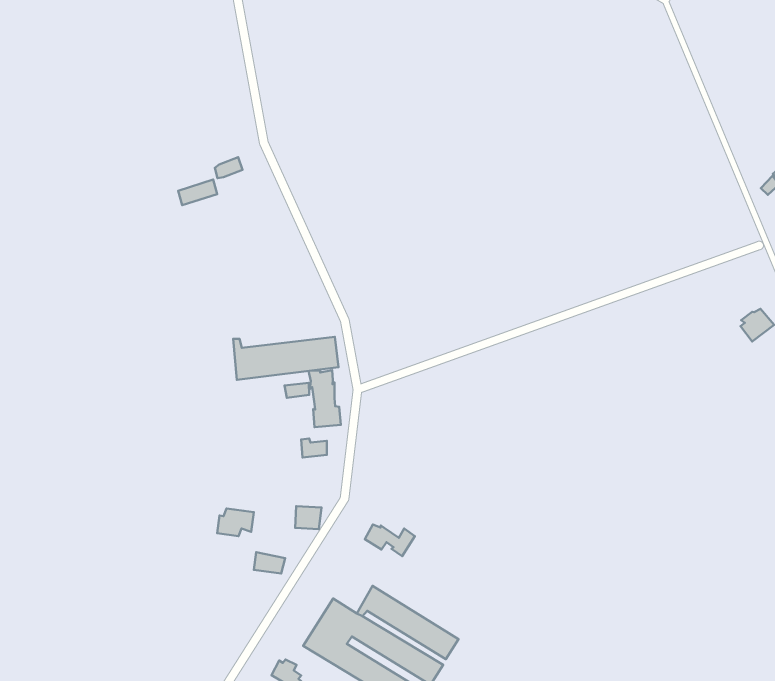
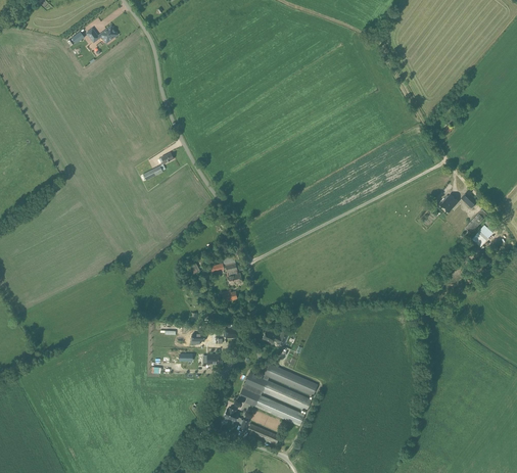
building: [233,337,339,380] -> none

